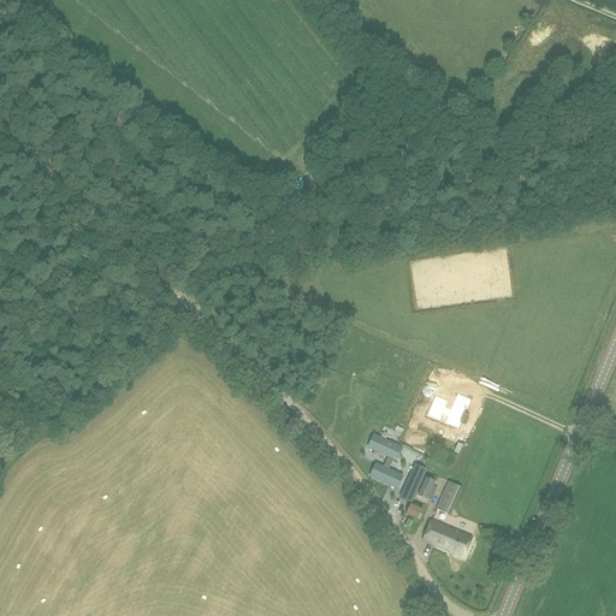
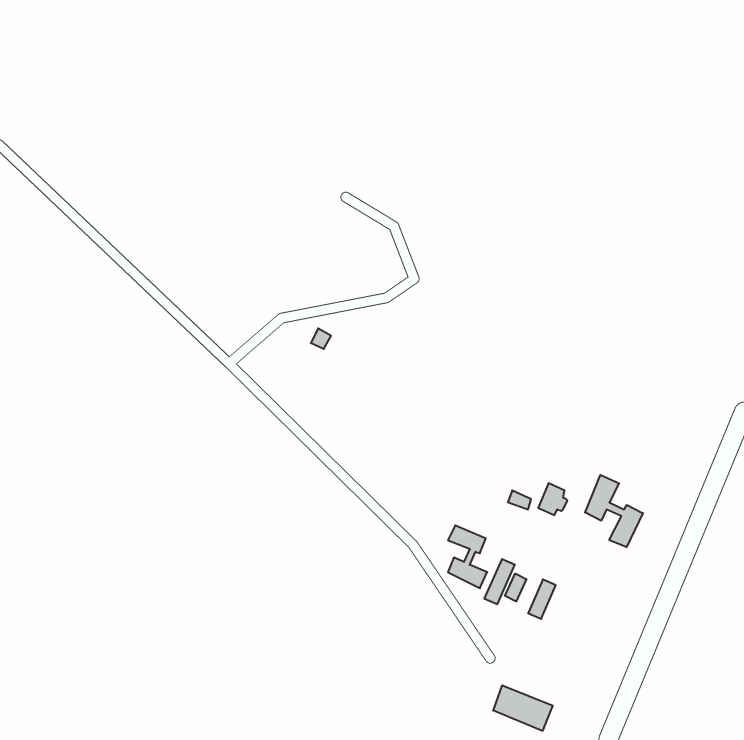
building: none -> [585,475,643,547]
building: [422,519,472,556] -> [493,685,553,731]

